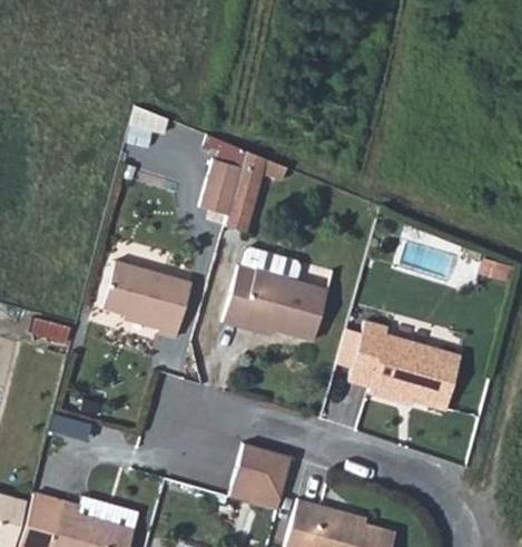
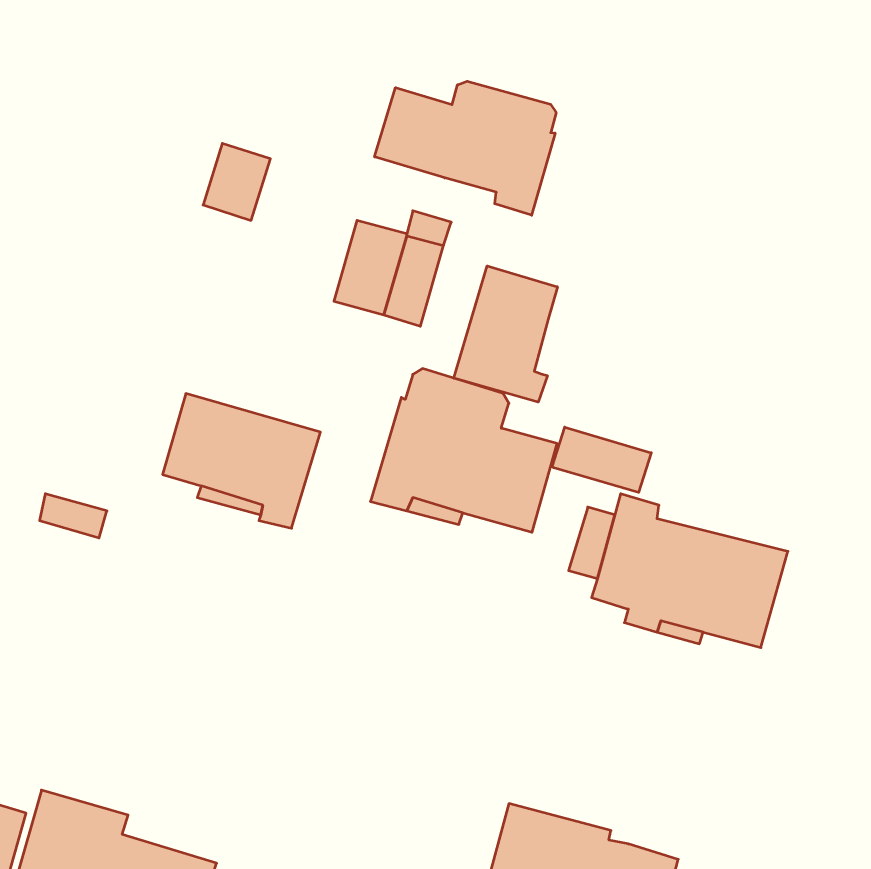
building: none -> [375,81,556,215]
building: none -> [454,266,557,402]
building: none -> [552,427,651,492]
building: [230,443,293,510] -> none

